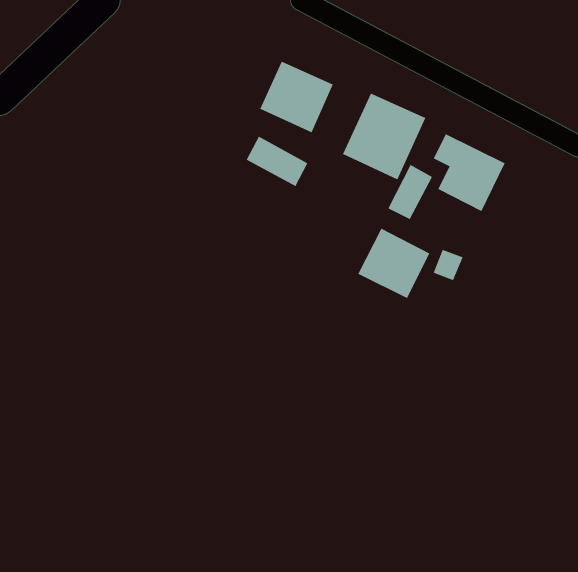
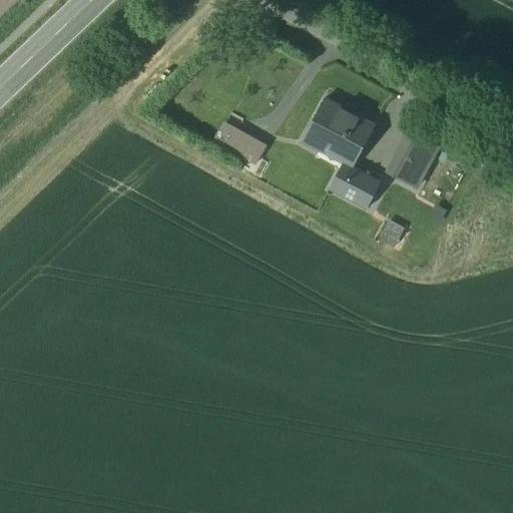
building: [259,61,334,133] -> none
building: [357,228,430,299] -> none

